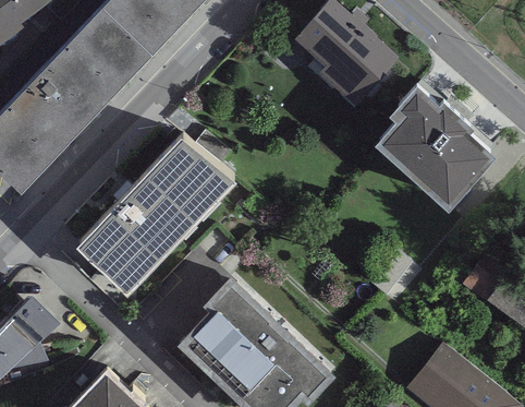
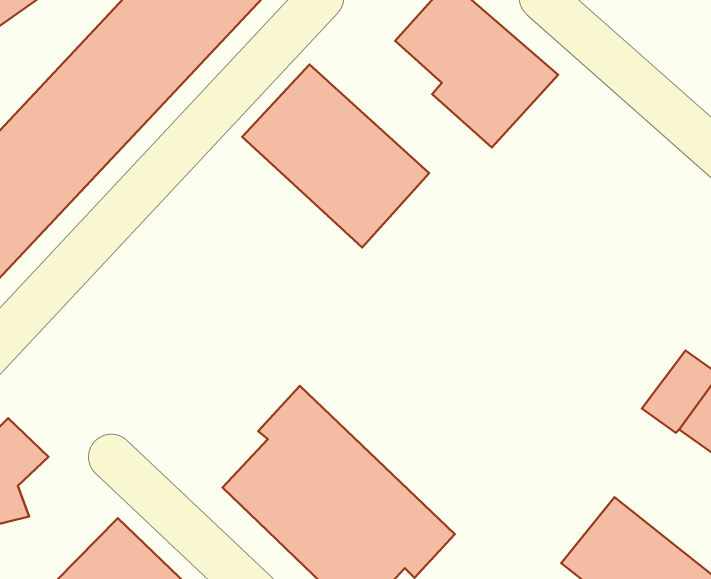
building: none -> [242,64,429,247]
building: [373,80,495,206] -> none
building: [75,129,232,290] -> none

